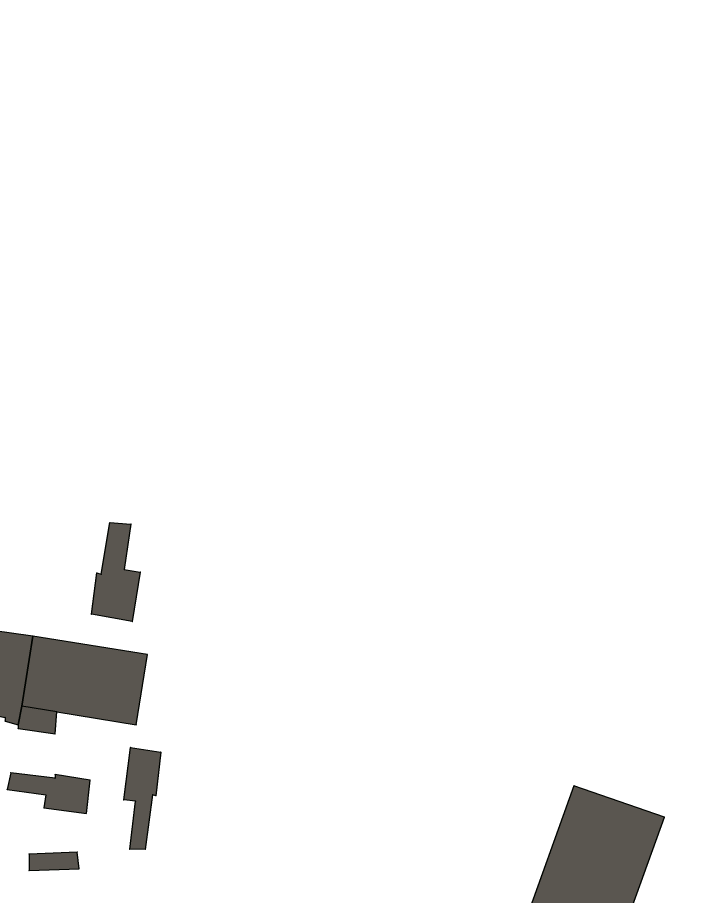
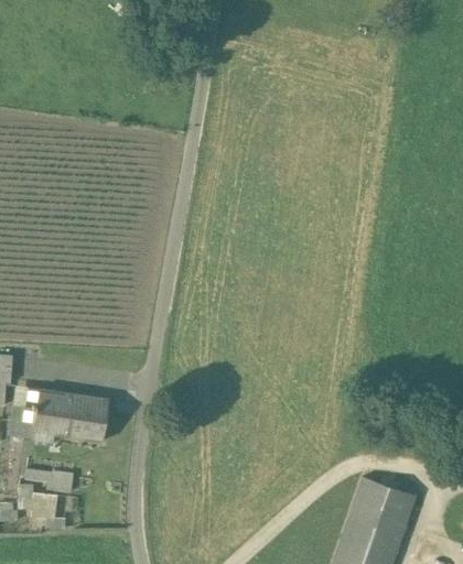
building: [91,523,140,622] -> none
building: [124,747,161,849] -> none

